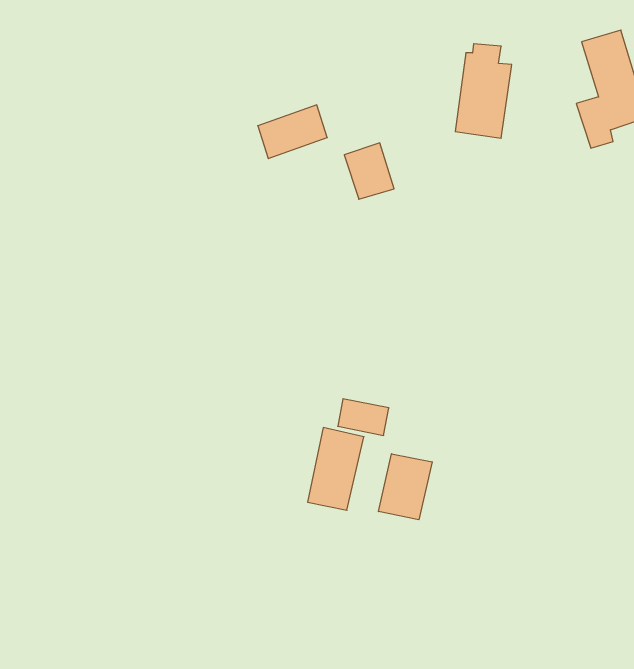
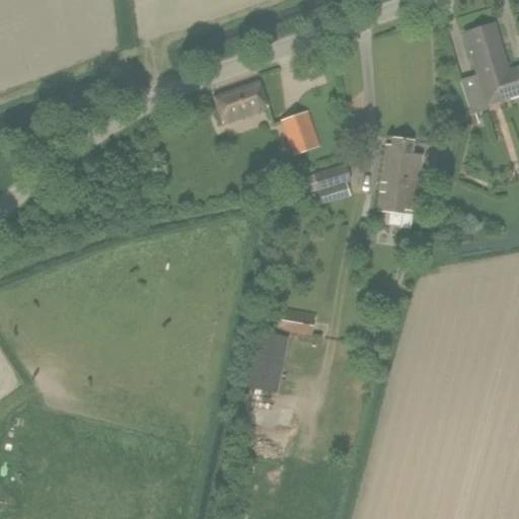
building: [455,44,512,138] -> [378,138,422,211]
building: none -> [314,165,351,204]
building: [378,454,432,520] -> none

